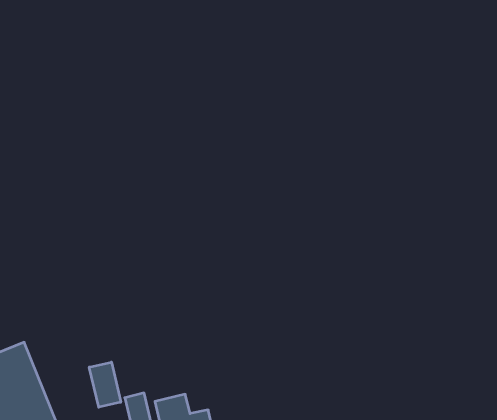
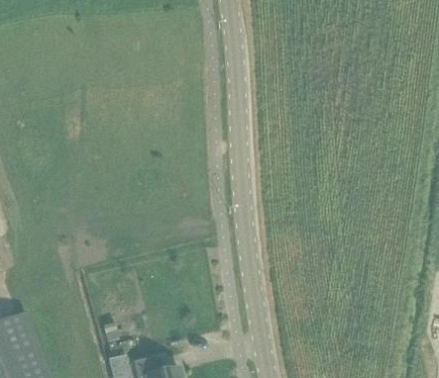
building: [89,362,121,407] -> none

